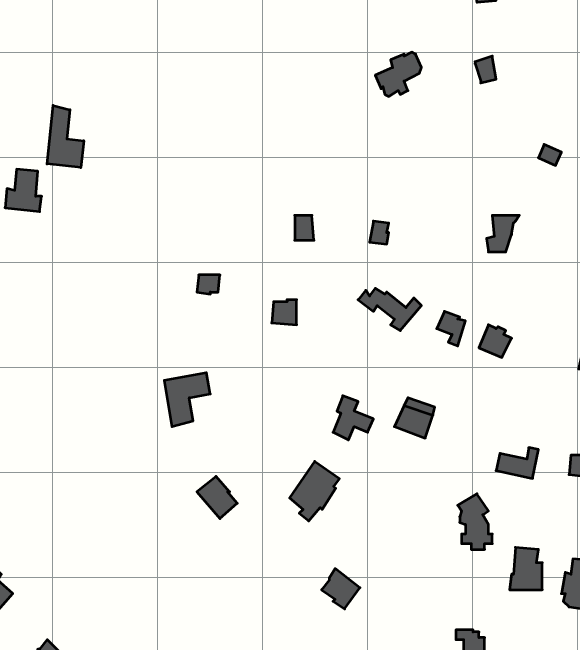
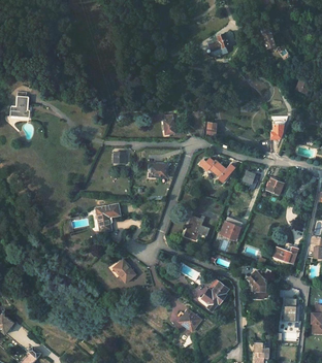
building: [47,105,84,168] -> none
building: [290,461,339,521] -> [201,279,228,311]

